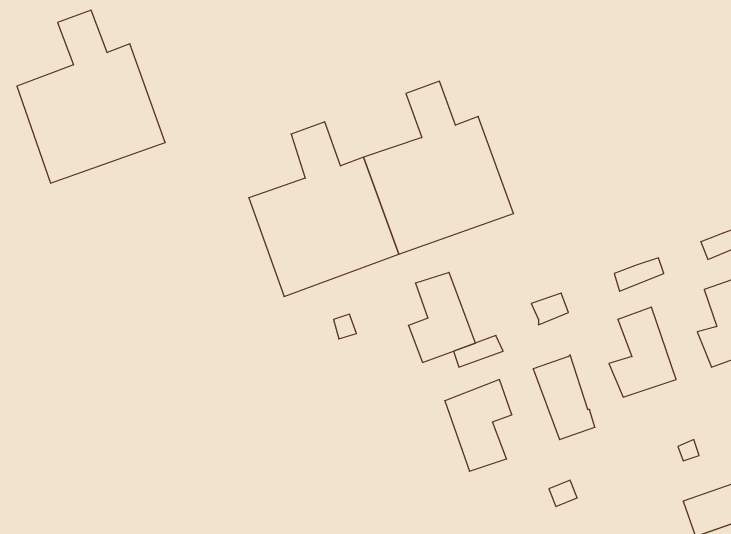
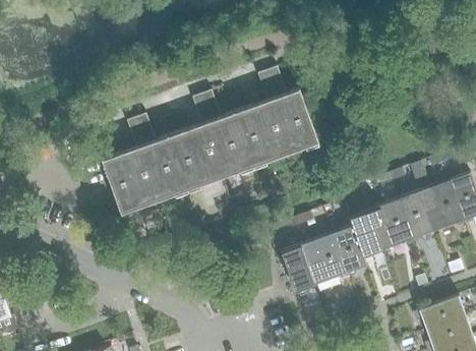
building: [17,10,165,183] -> [103,115,188,215]
building: [408,272,476,362] -> [308,233,347,285]
building: none -> [400,187,437,239]
building: none -> [349,204,389,256]

